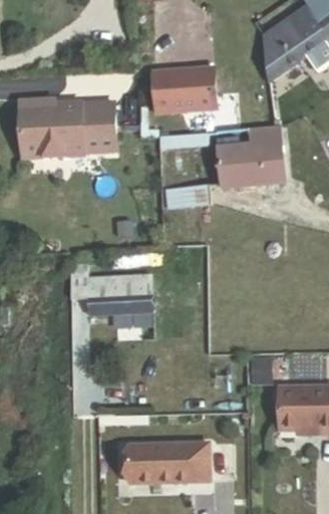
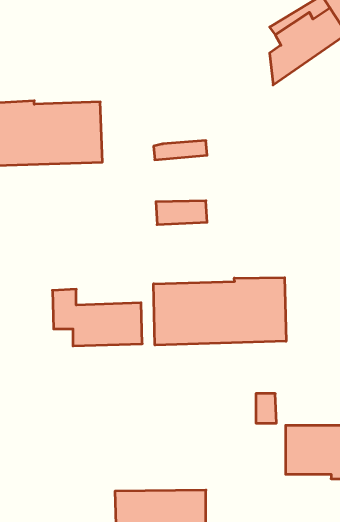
building: [152,67,214,111] -> none
building: [218,124,284,187] -> none
building: none -> [154,278,286,345]

